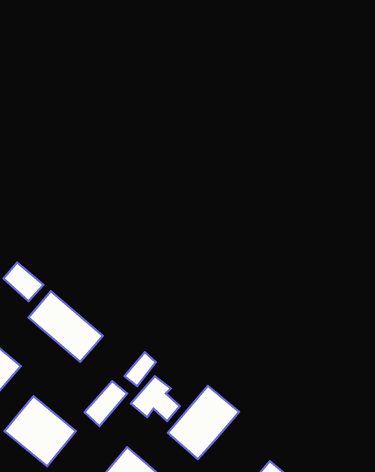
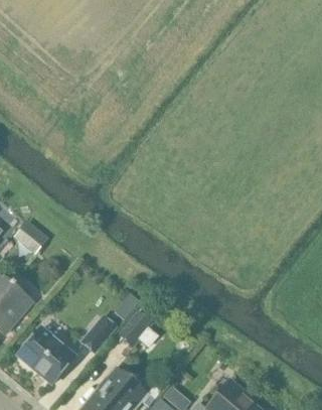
building: [28,291,103,362] -> none
building: [168,386,239,459] -> none

